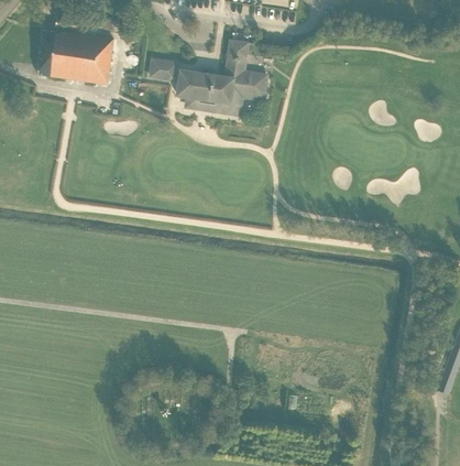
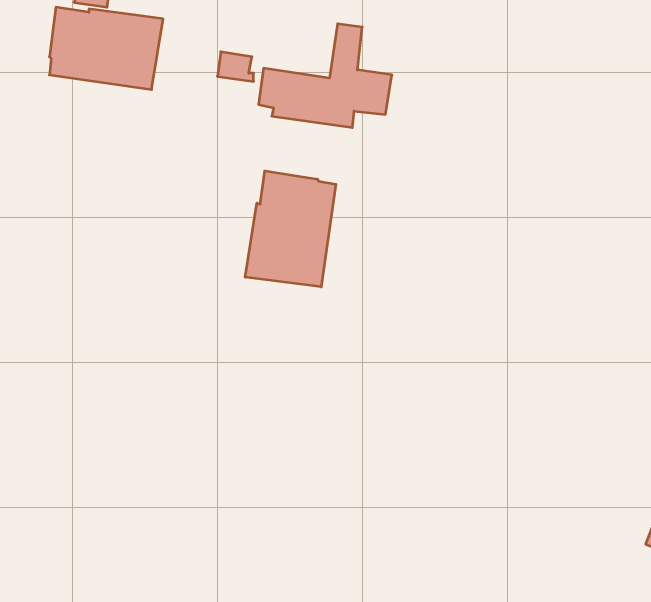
building: none -> [245,171,336,287]

